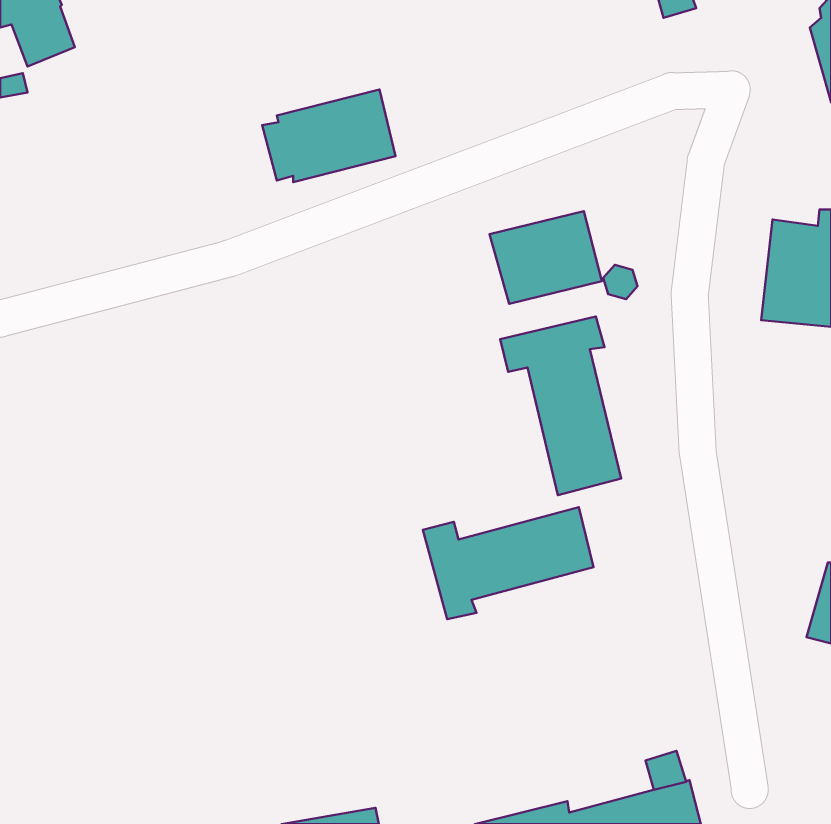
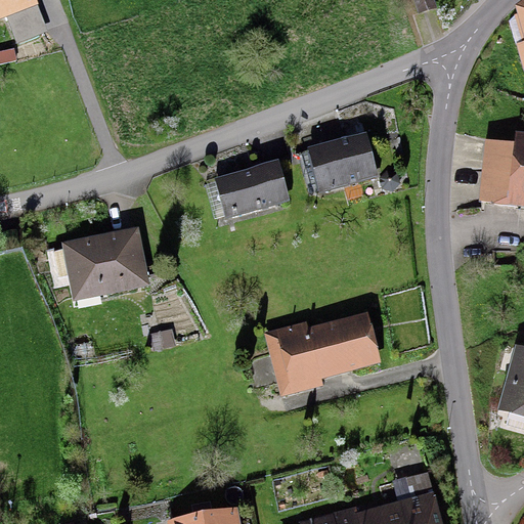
building: [262,90,396,182] -> [206,160,290,218]
building: [500,317,621,495] -> none
building: none -> [69,232,143,294]

